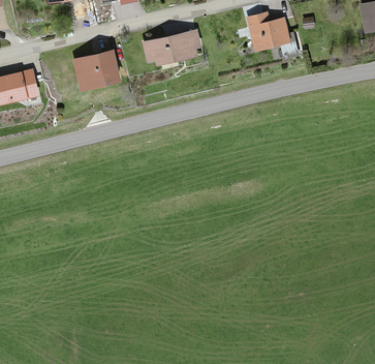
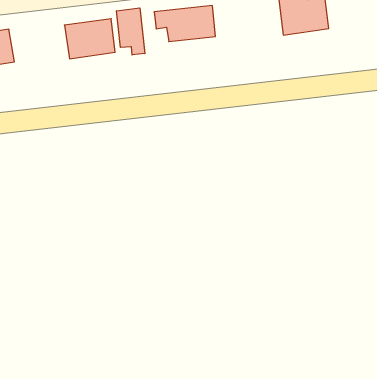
building: none -> [117,8,145,55]

